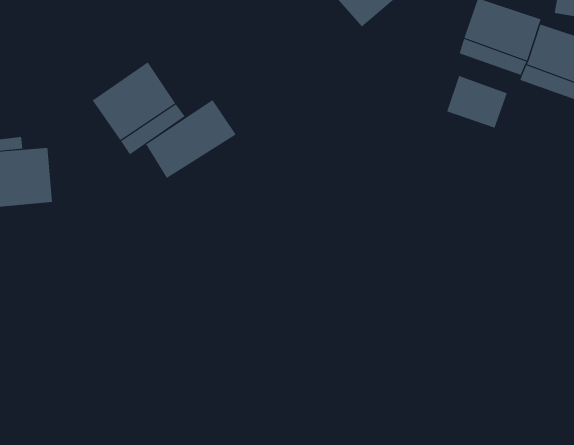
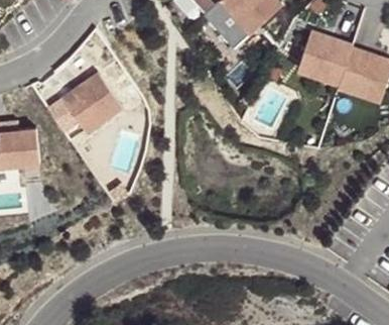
building: [446,75,507,128] -> none
building: [145,99,236,179] -> none

